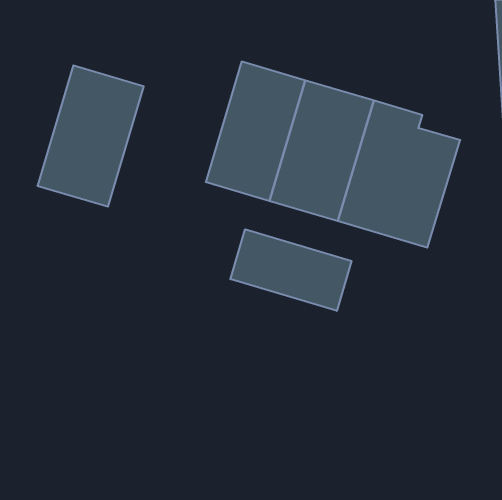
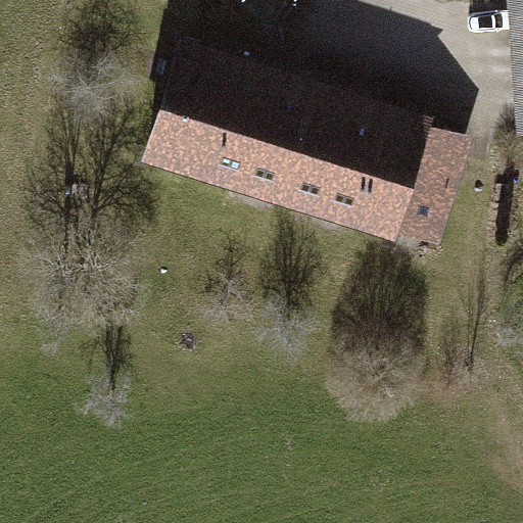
building: [37,65,144,207] -> [145,42,254,187]
building: [230,229,352,311] -> none

